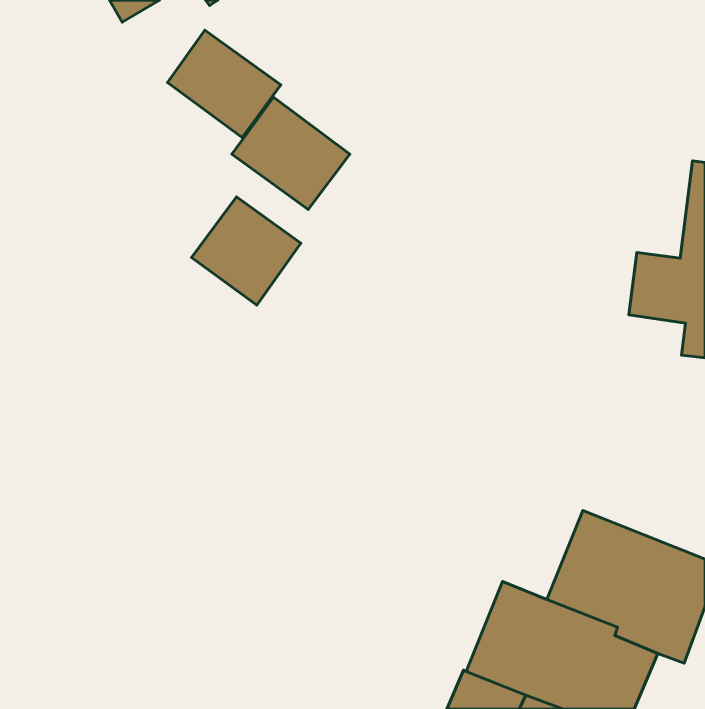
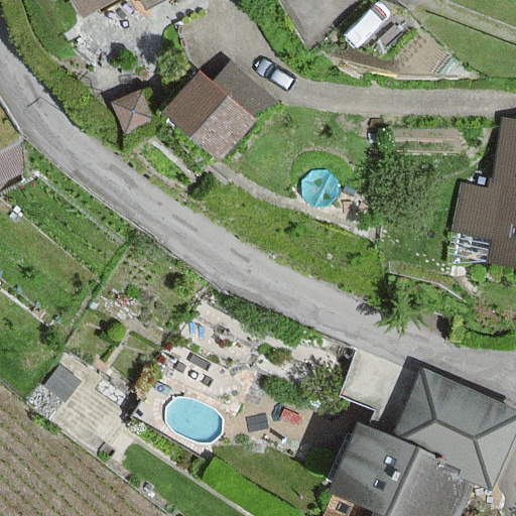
building: [167,30,281,138] -> none
building: [192,197,301,305] -> none

